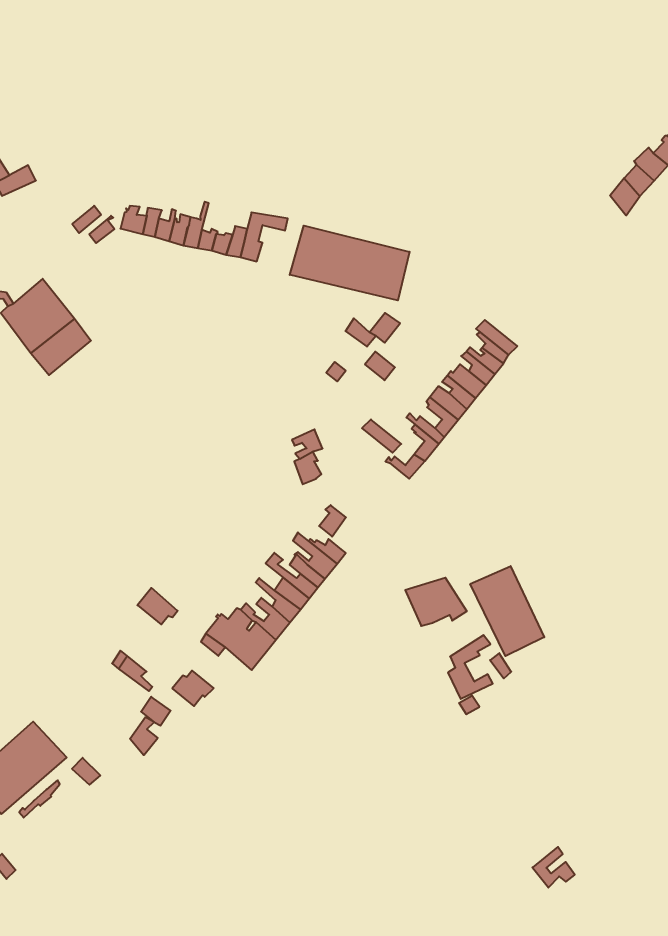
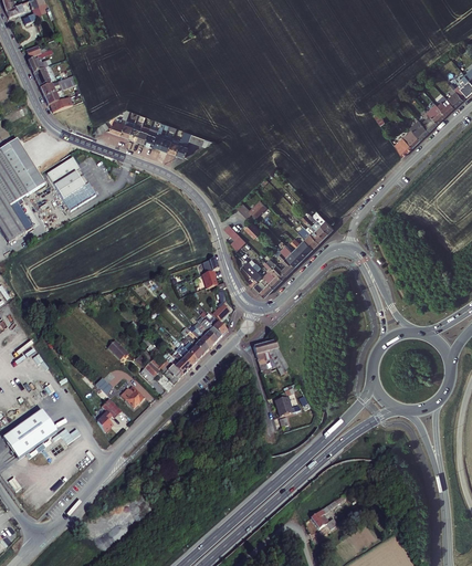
building: [290,226,410,300] -> none
building: [470,566,544,656] -> none

